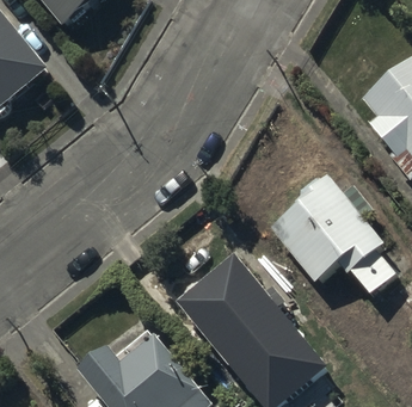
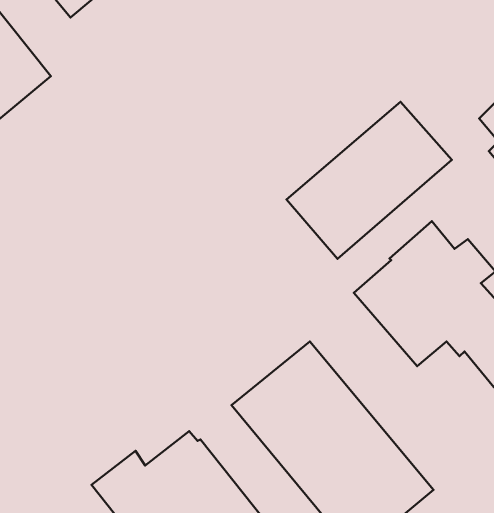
building: none -> [287,102,452,259]

